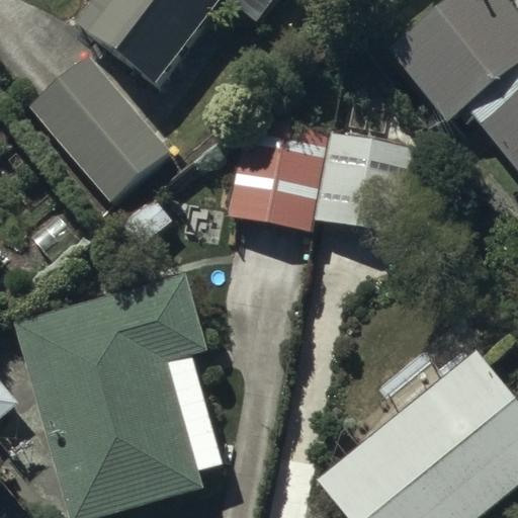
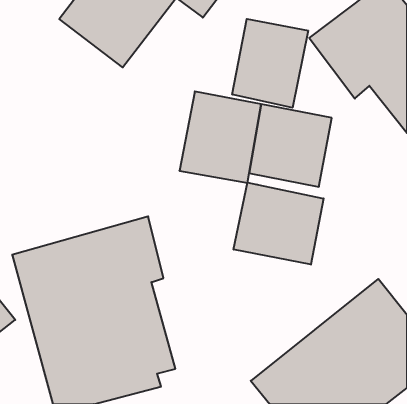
building: none -> [232,19,308,108]
building: [29,55,170,202] -> none
building: none -> [234,182,324,265]

